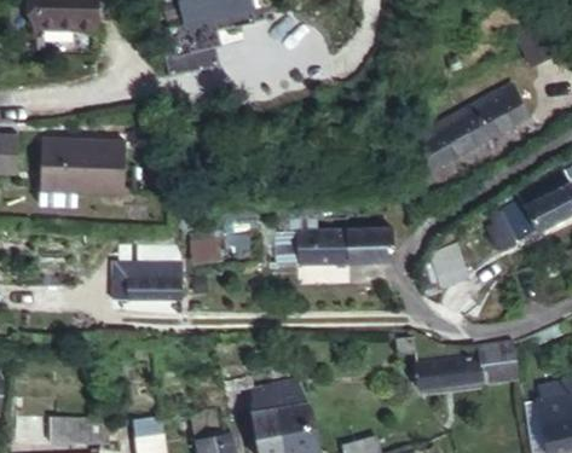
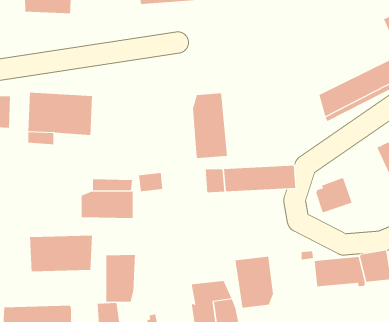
building: none -> [192,93,227,159]
building: none -> [29,235,93,272]
building: none -> [106,254,136,303]
building: none -> [235,256,274,308]

